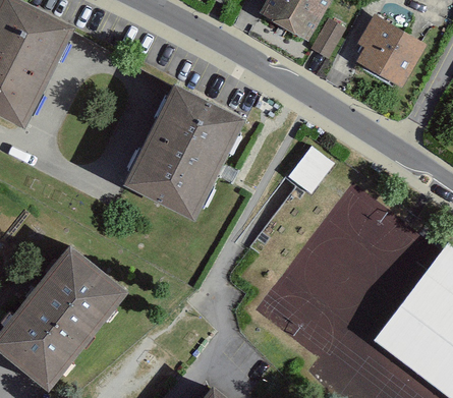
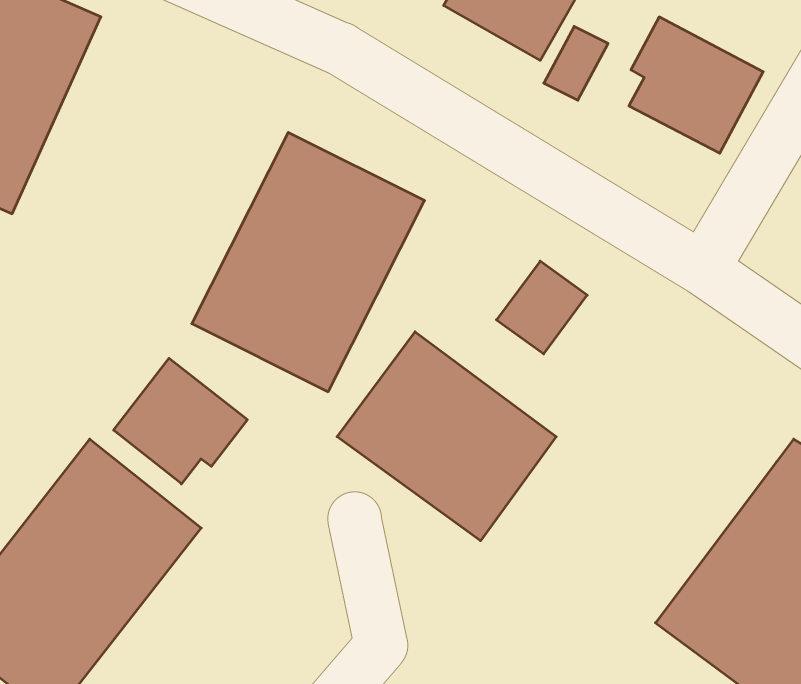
building: none -> [337,332,556,541]
building: none -> [114,358,247,484]

